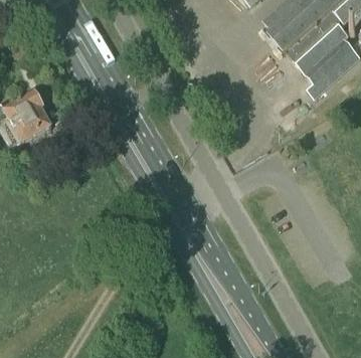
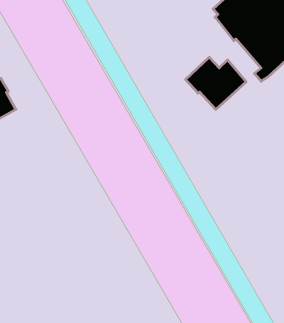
building: none -> [186,57,246,109]

